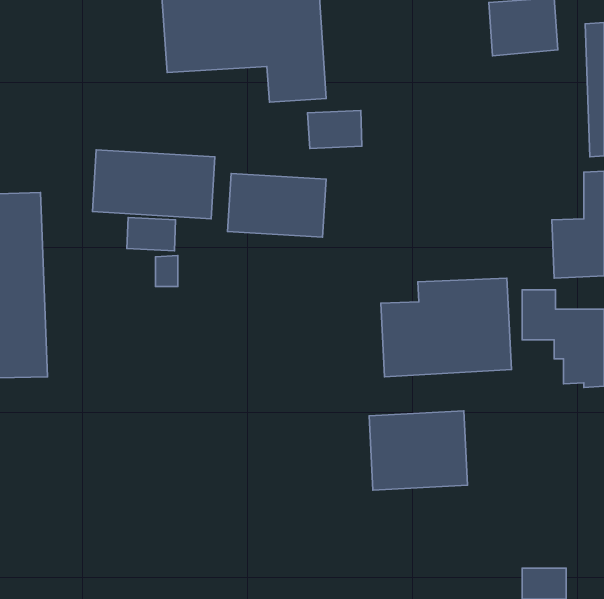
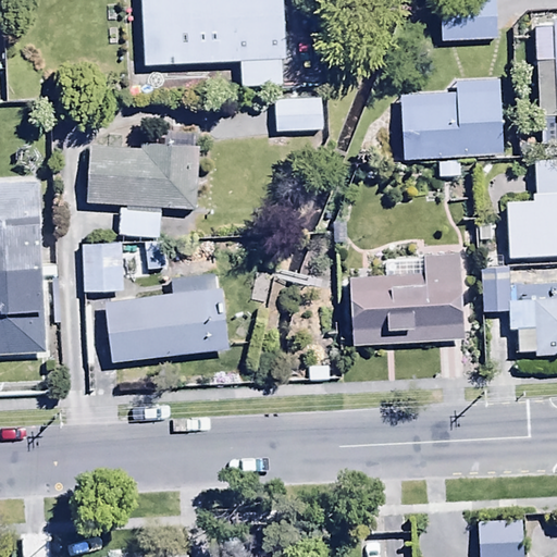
building: none -> [405,84,518,164]
building: [228,173,326,237] -> none
building: none -> [81,236,117,290]
building: none -> [112,289,239,368]
building: [369,411,468,490] -> none

